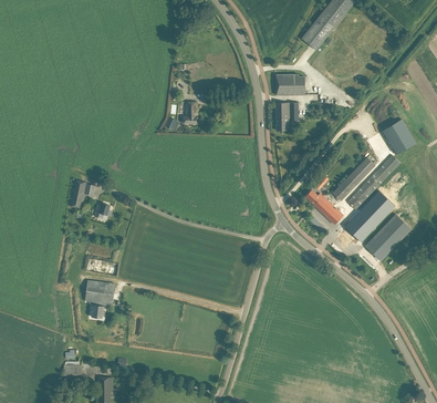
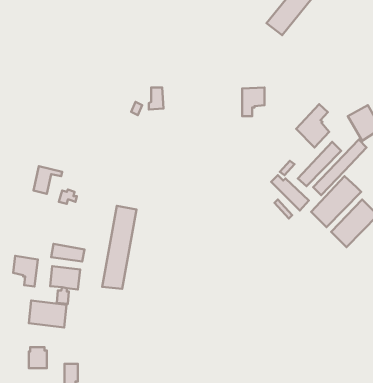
building: [275,74,305,95] -> none
building: none -> [296,104,329,148]
building: none -> [102,206,136,289]
building: none -> [13,256,38,286]
building: none -> [29,300,67,327]

